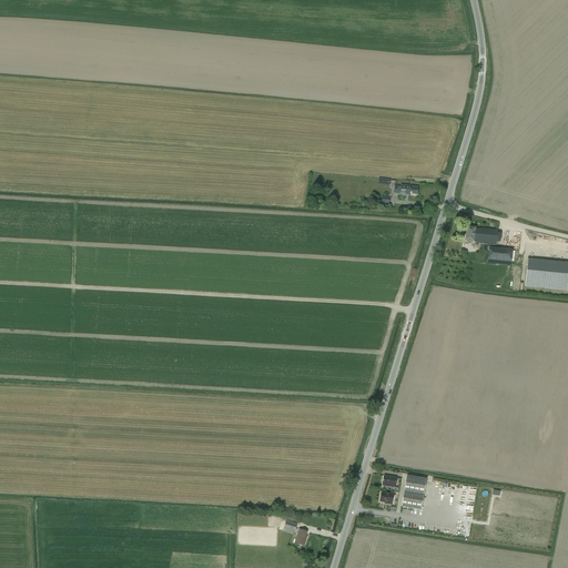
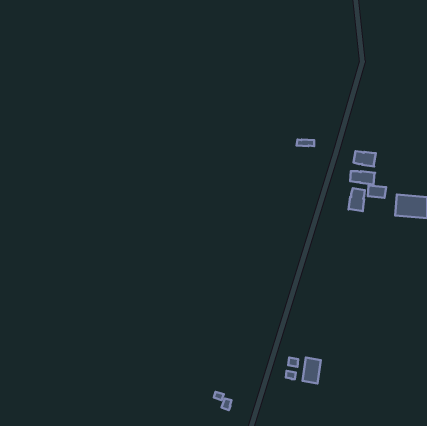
building: none -> [354,151,376,166]
building: none -> [348,188,365,211]

